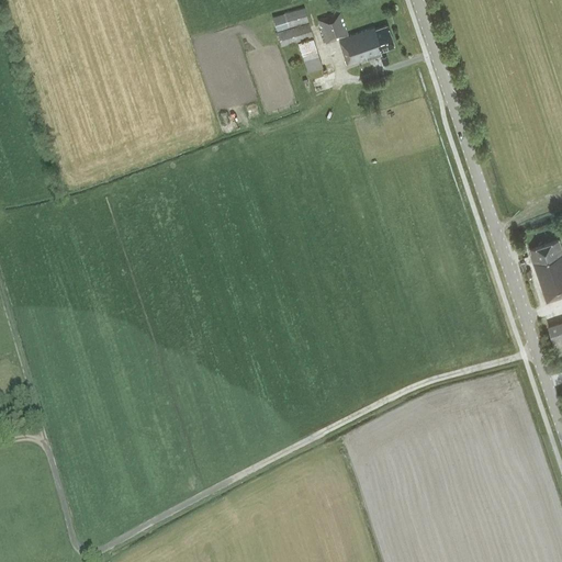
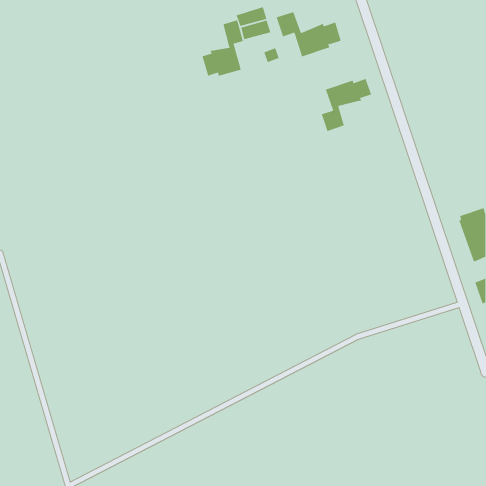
building: none -> [202,20,243,76]
building: none -> [321,78,372,132]

